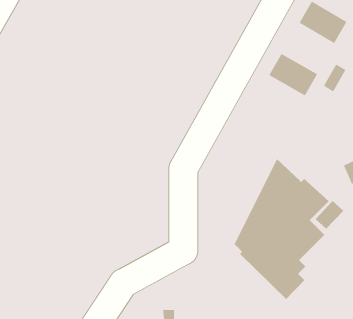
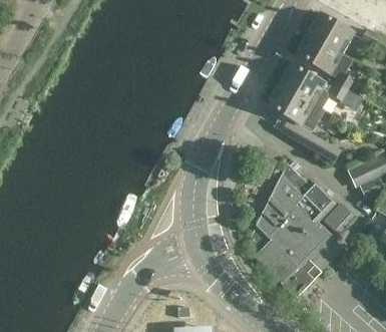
building: none -> [296,33,342,73]
building: none -> [267,83,340,161]

